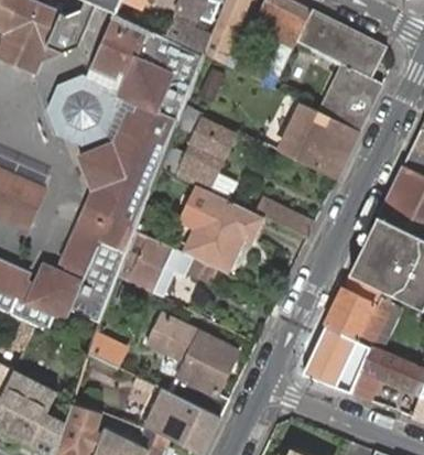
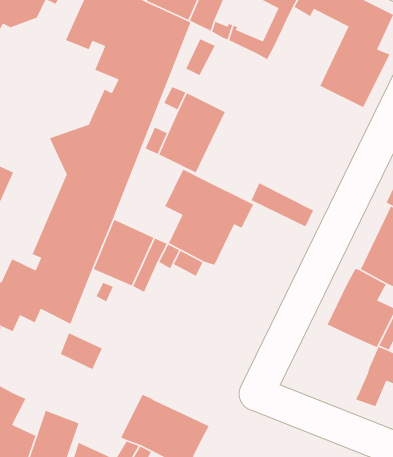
building: [45,76,115,148] -> none
building: [281,105,358,178] -> none
building: [145,313,237,415] -> none
building: [312,336,370,388] -> none

